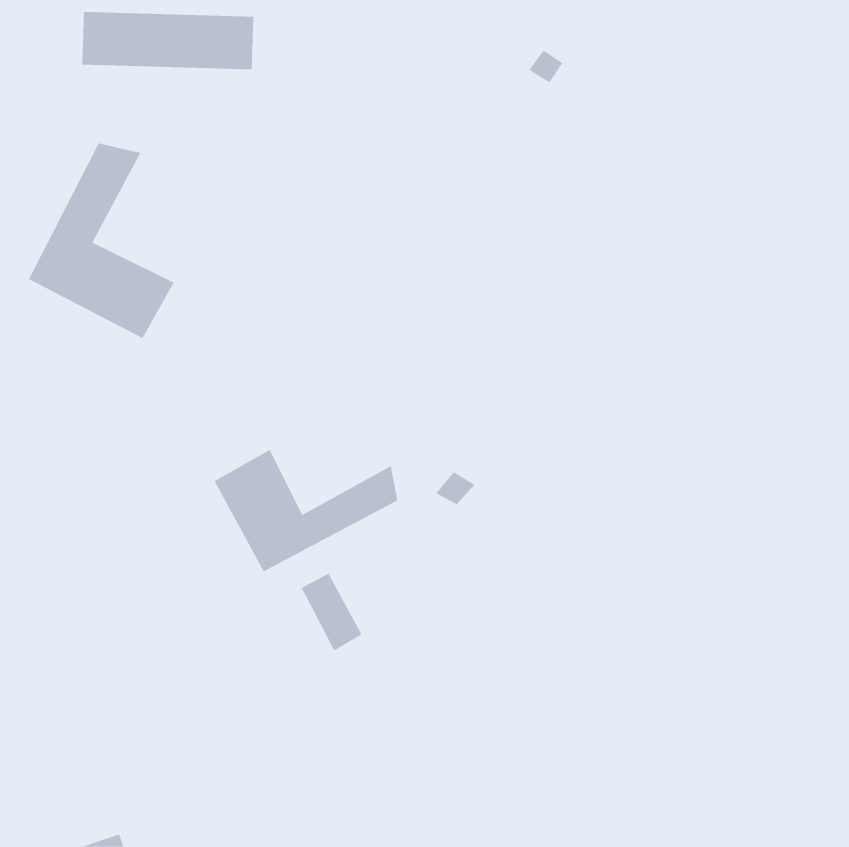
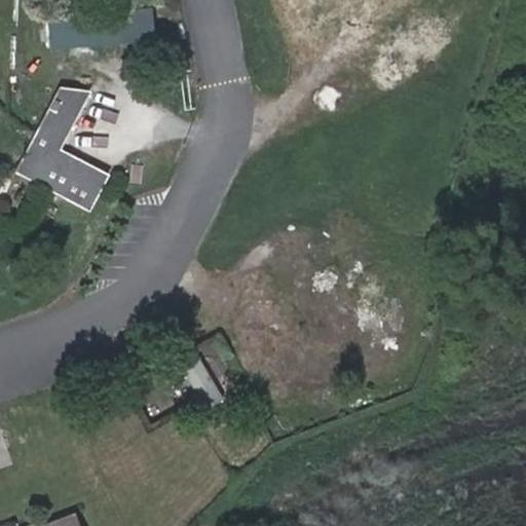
building: [214,449,398,572] -> none

